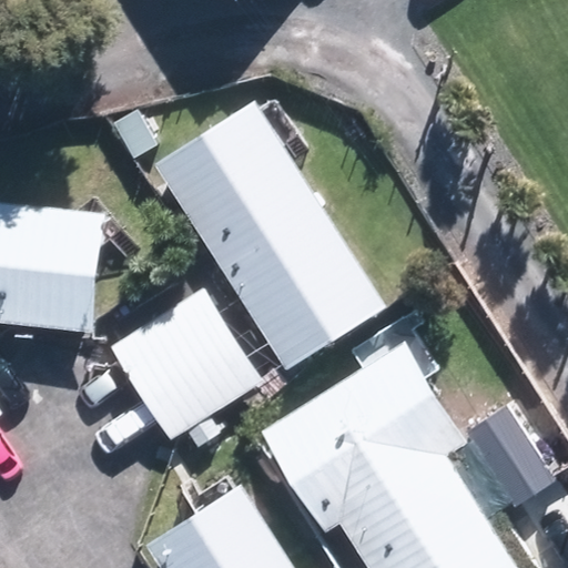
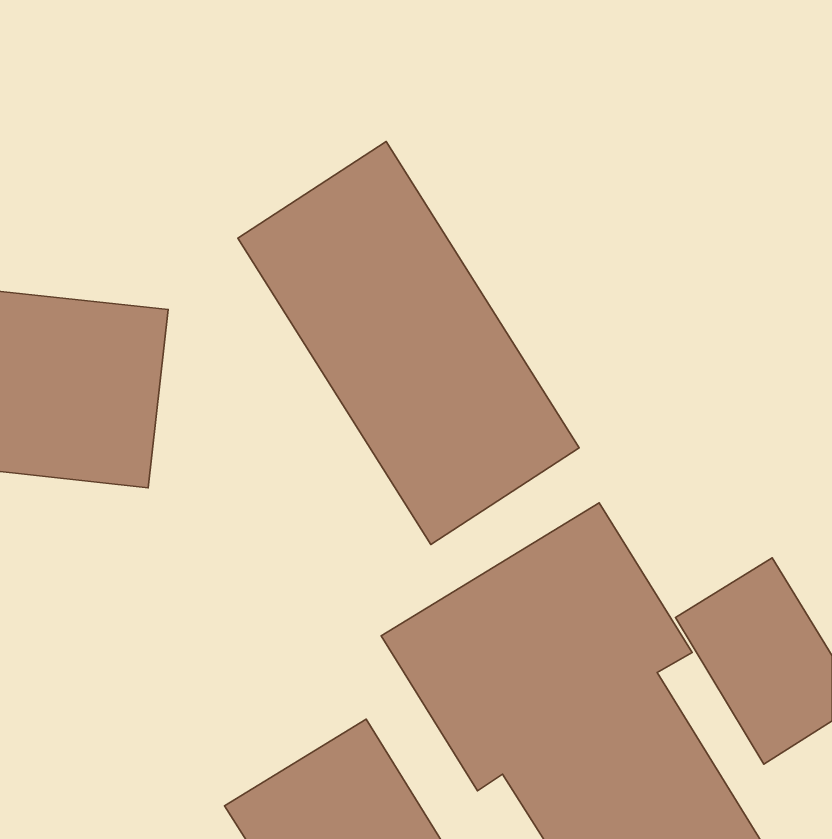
building: [109,290,261,440] -> none

